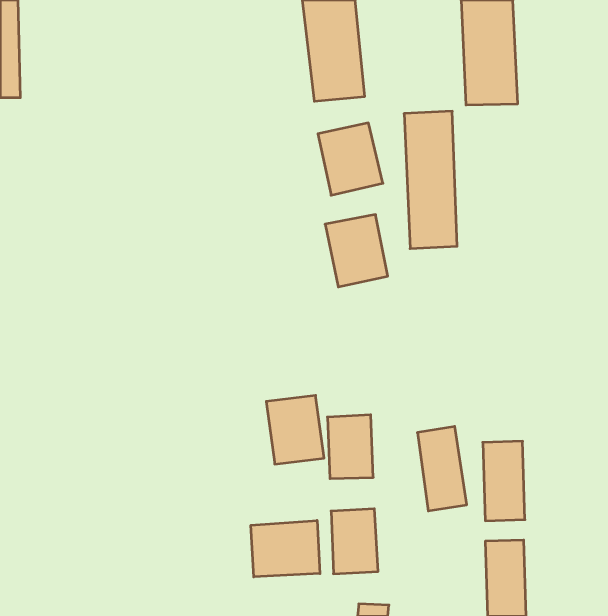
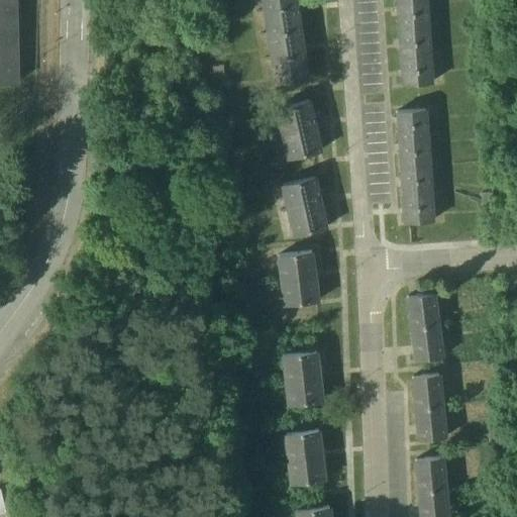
building: [404,111,457,249] -> [395,111,439,226]
building: [266,395,324,464] -> [277,253,325,311]
building: [417,426,467,511] -> [402,287,443,357]
building: [251,520,320,577] -> none

